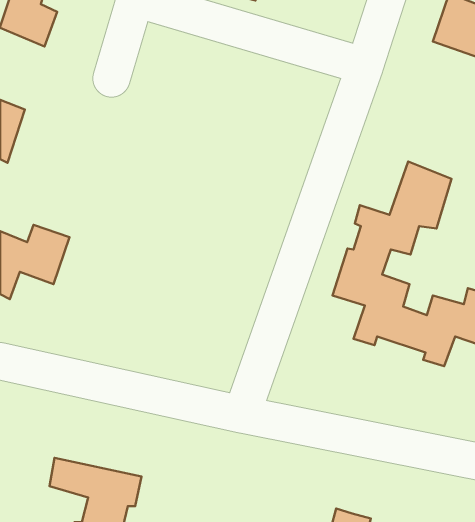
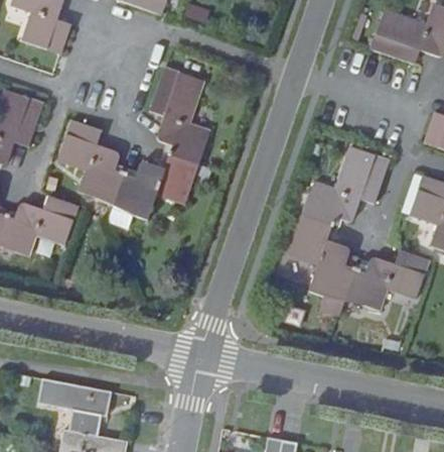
building: none -> [54,69,205,219]

